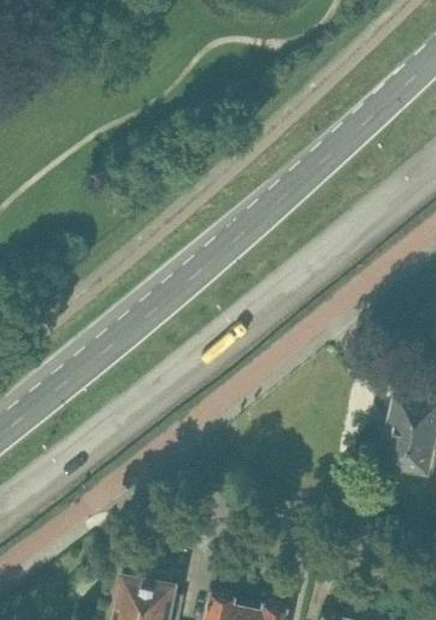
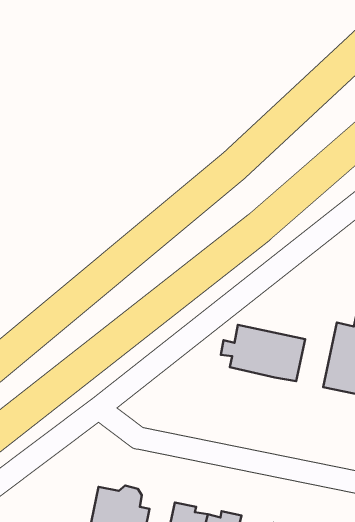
building: none -> [221,325,305,381]

